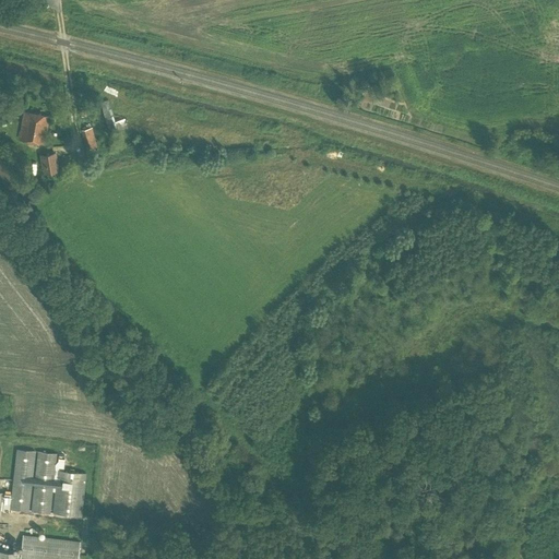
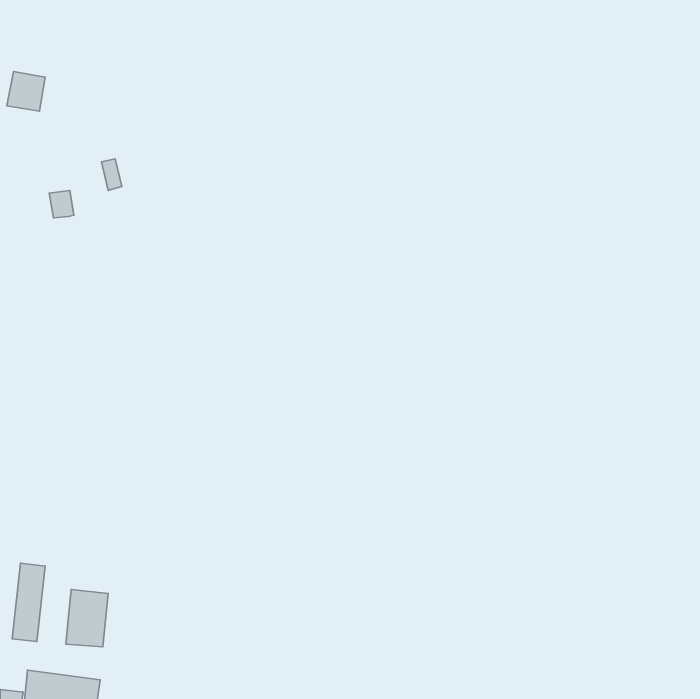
building: [19,112,49,144] -> [7,72,45,111]
building: [31,453,57,514] -> none

